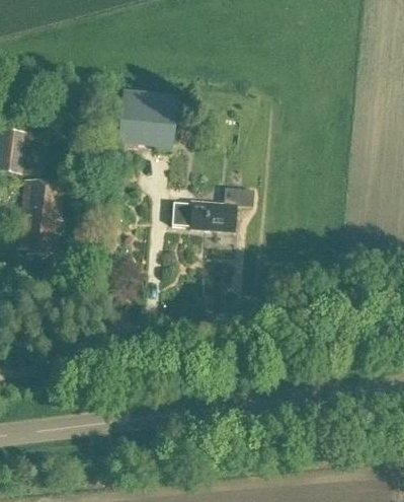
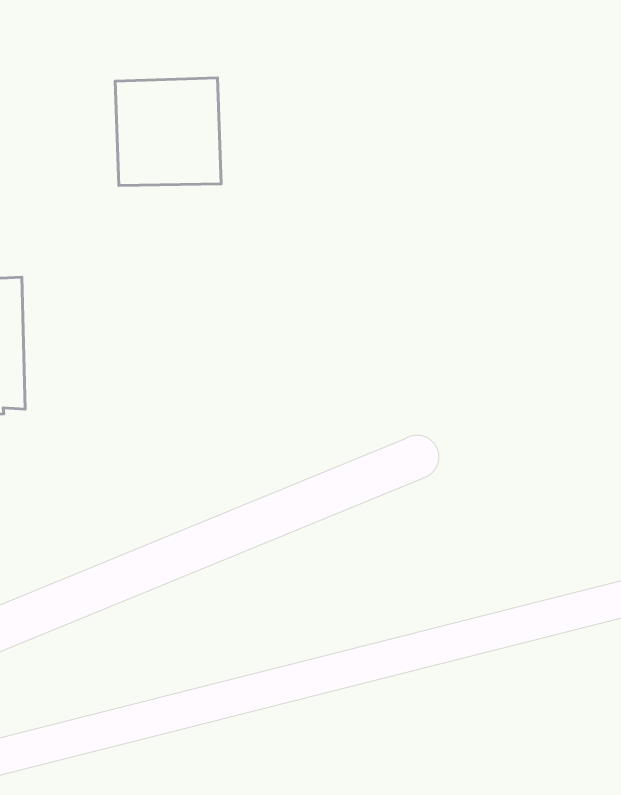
building: [172,186,253,230] -> none

